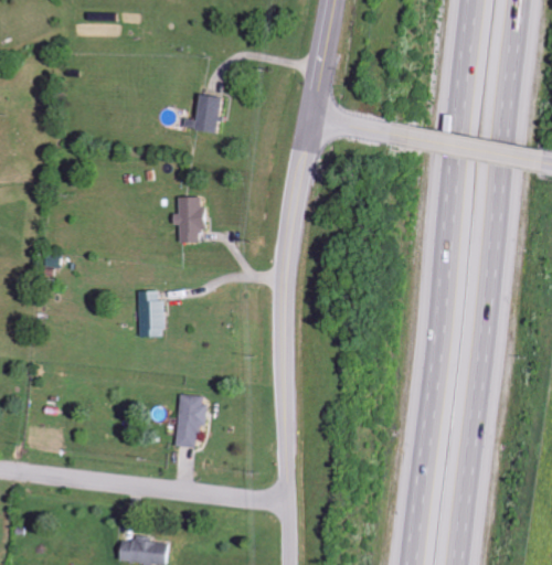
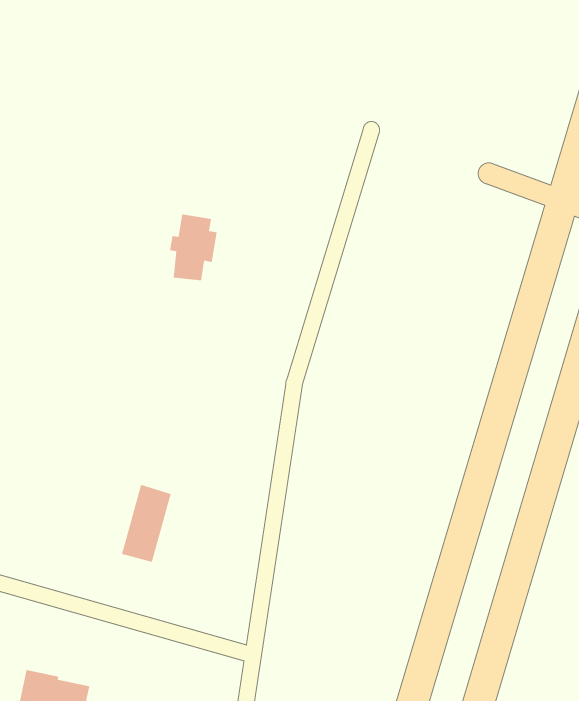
building: [184,94,224,132] -> none
building: [137,291,163,338] -> none

